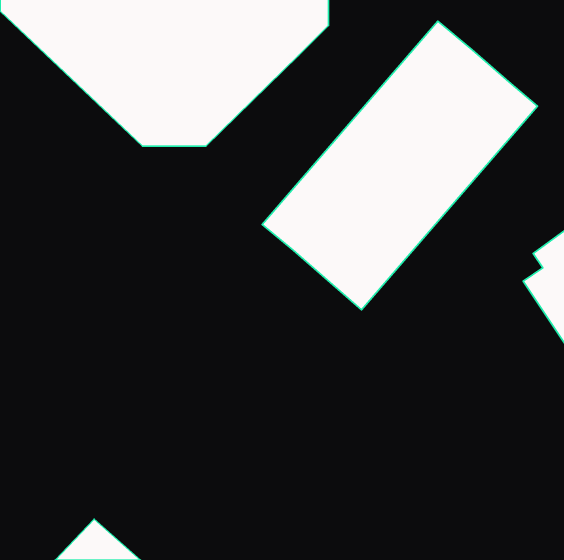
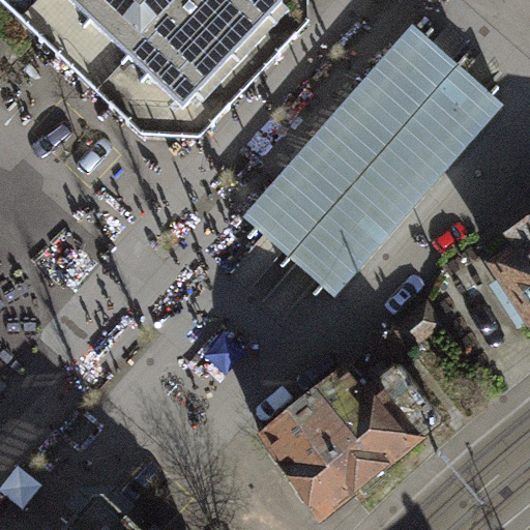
building: none -> [263,366,415,512]

